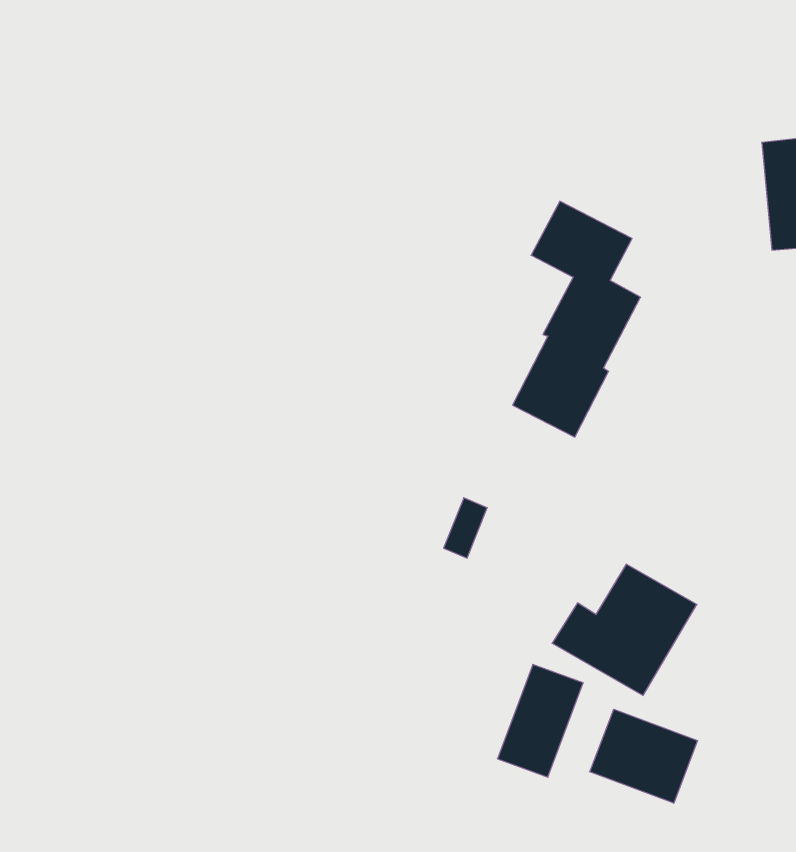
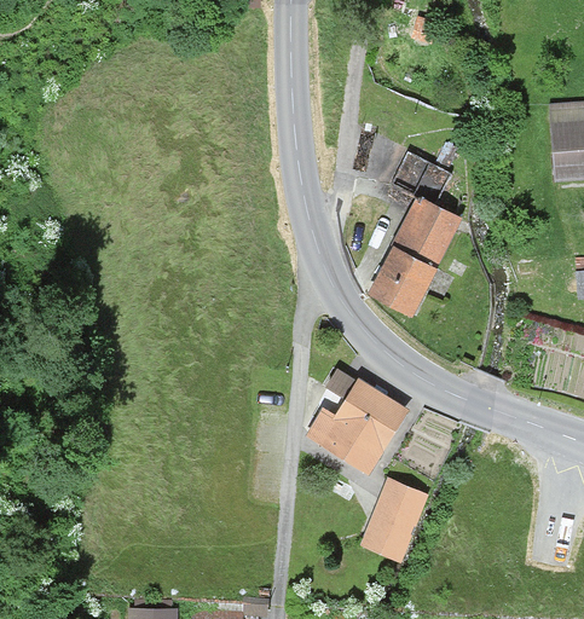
building: [552,564,697,695] -> [307,380,411,474]
building: [590,709,698,803] -> none

